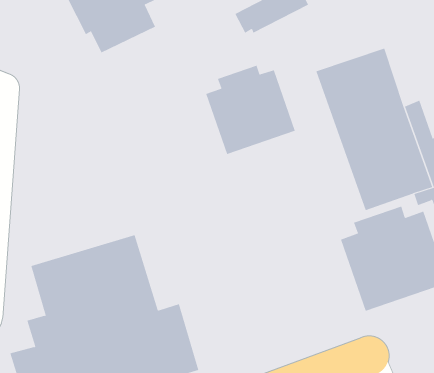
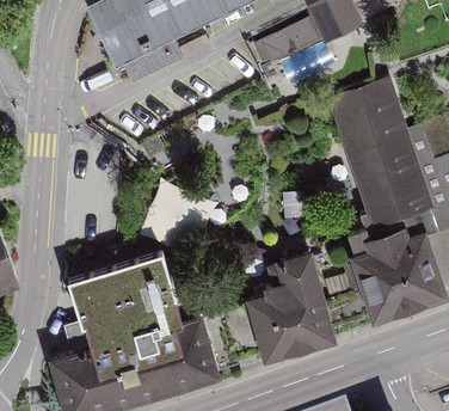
building: [206,65,295,155] -> none
building: none -> [246,246,337,356]

